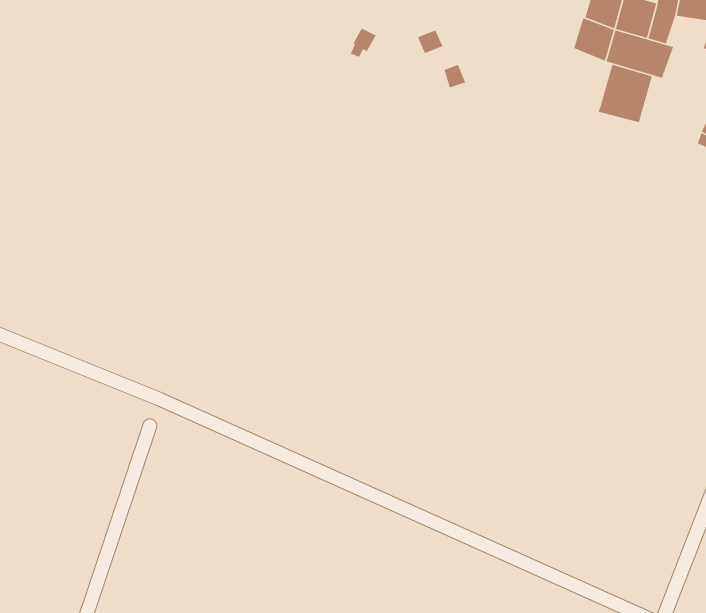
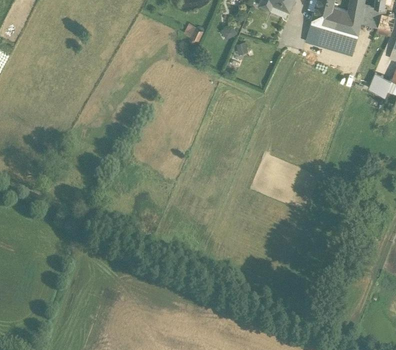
building: [598,64,653,123] -> none

